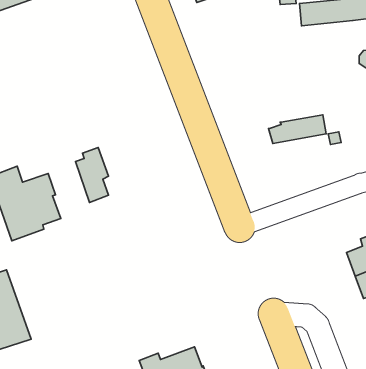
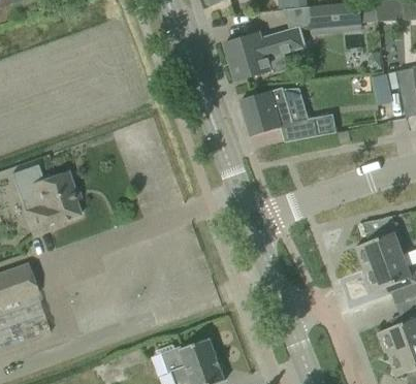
building: none -> [224,28,303,81]
building: none -> [241,87,292,135]
building: [76,148,109,202] -> none

